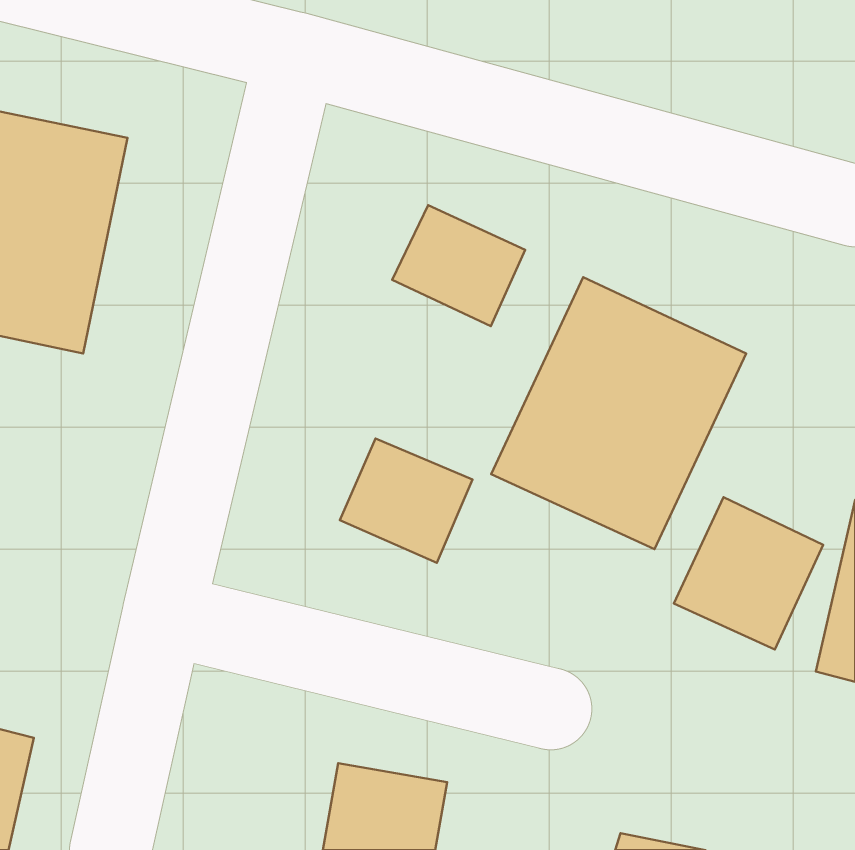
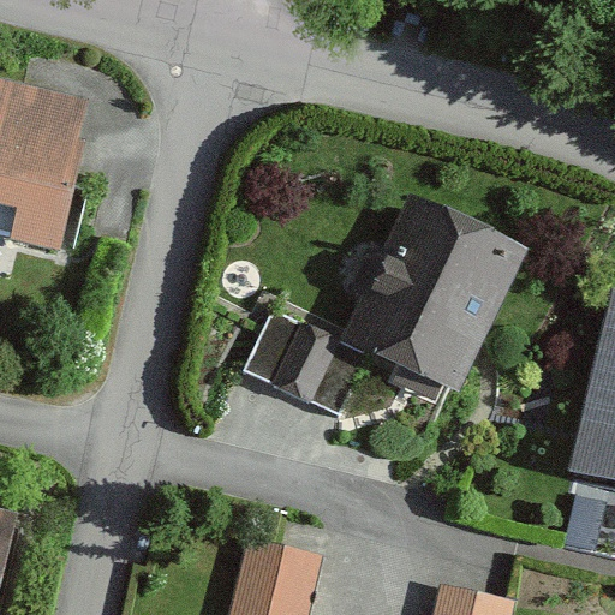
building: [392,205,525,326] -> none
building: [674,497,823,650] -> none

